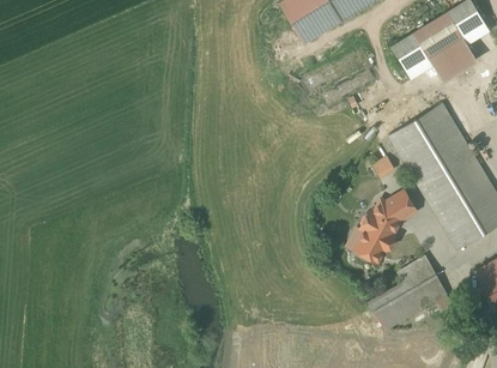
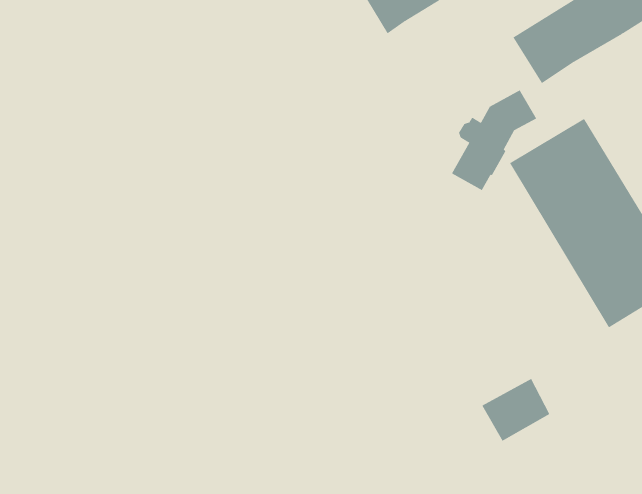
building: [434,46,477,80] -> none
building: [357,192,417,263] -> [451,89,537,191]
building: [398,266,447,310] -> none

